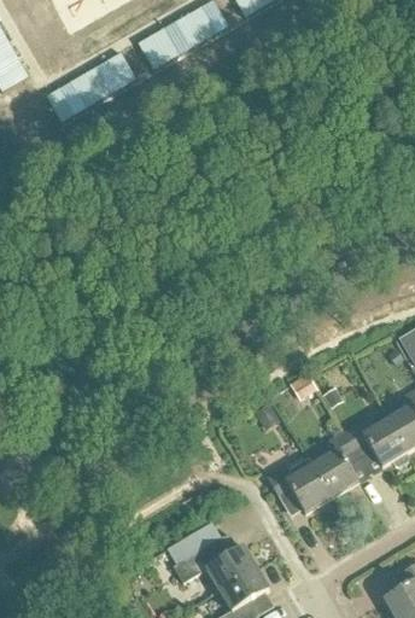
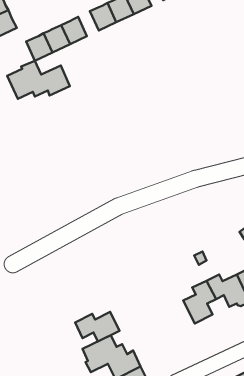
building: none -> [7,61,70,99]
building: [268,454,333,513] -> none
building: none -> [75,312,119,341]

